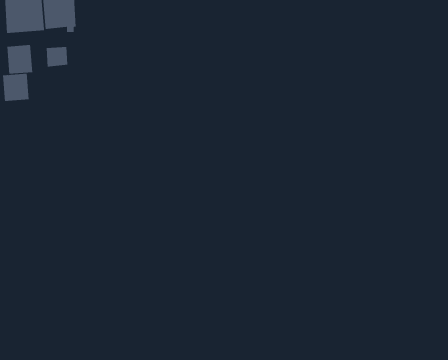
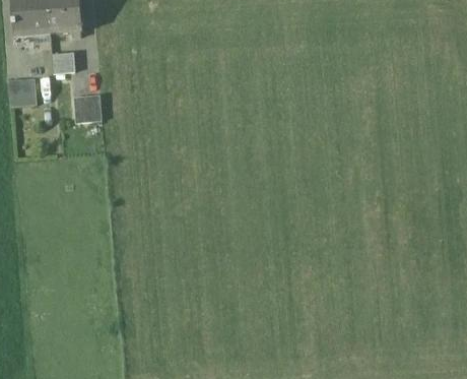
building: [7,44,33,75] -> none
building: none -> [73,94,103,121]

